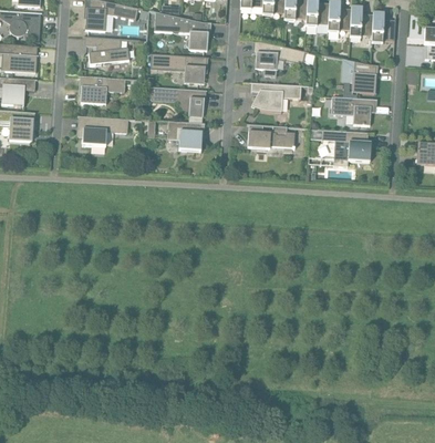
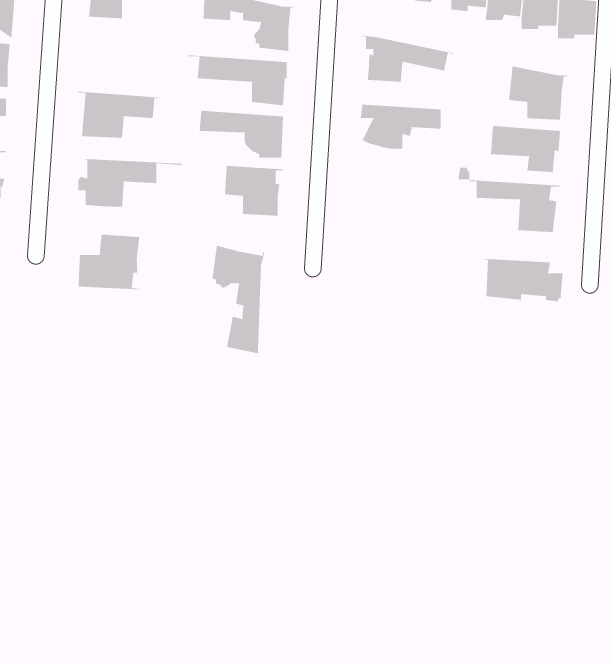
building: [82,37,143,64] -> none
building: [246,124,294,151] -> [484,258,563,302]
building: none -> [78,234,140,290]
building: none -> [212,245,265,367]

